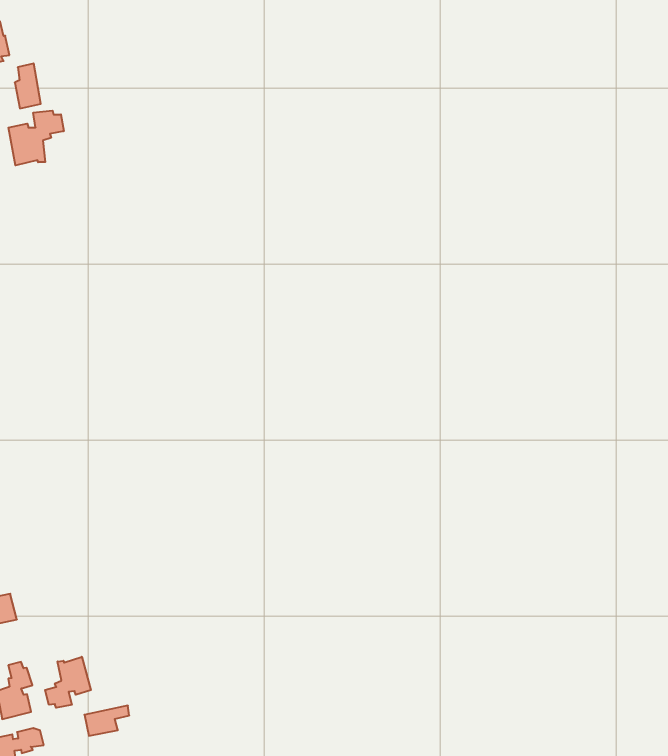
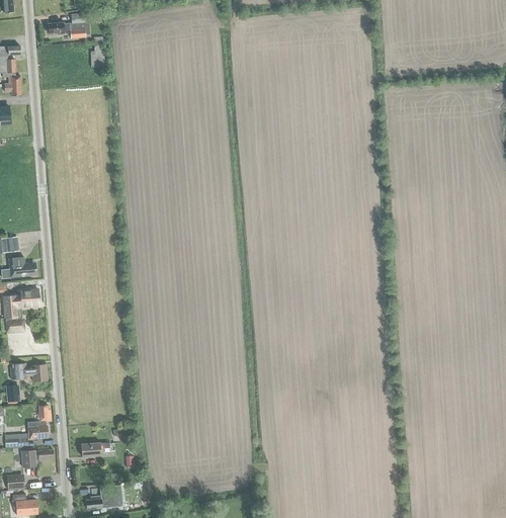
building: [8,111,64,165] -> none
building: [45,657,91,708] -> none

